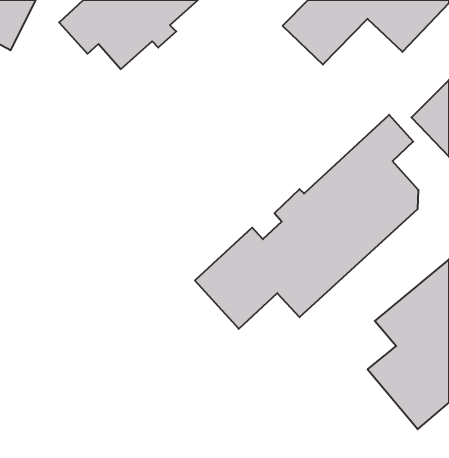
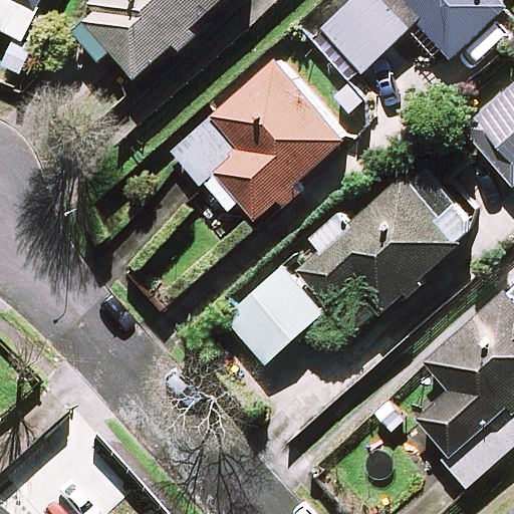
building: none -> [172,59,345,219]

